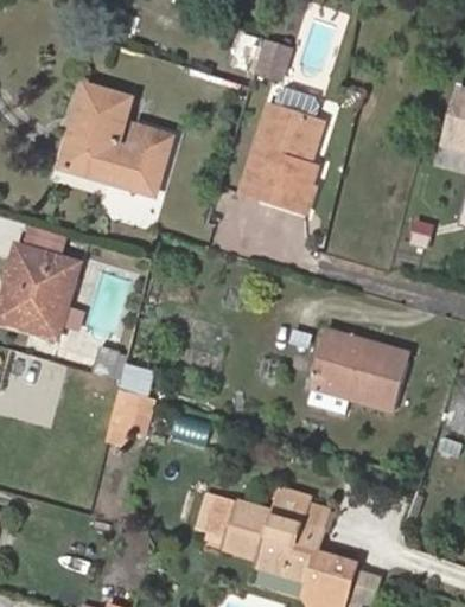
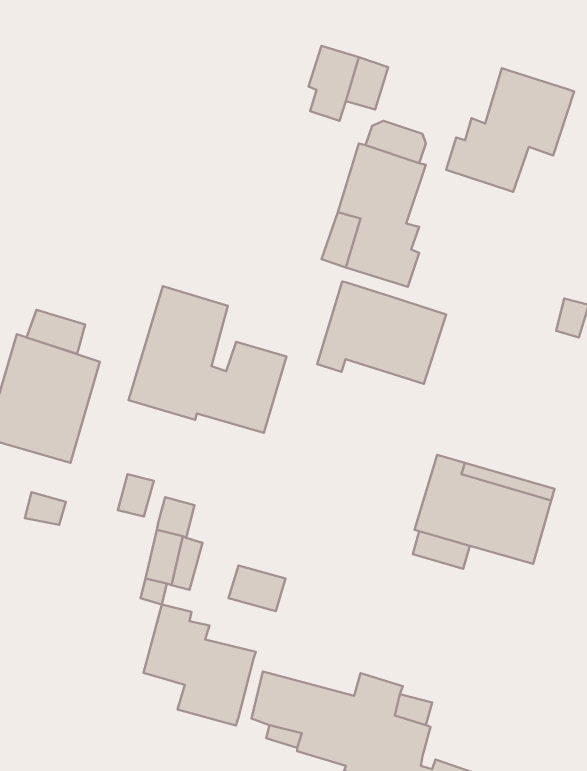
building: none -> [446,68,574,192]
building: [60,84,176,191] -> [128,286,287,433]
building: none -> [317,282,446,384]
building: none -> [143,605,256,726]

